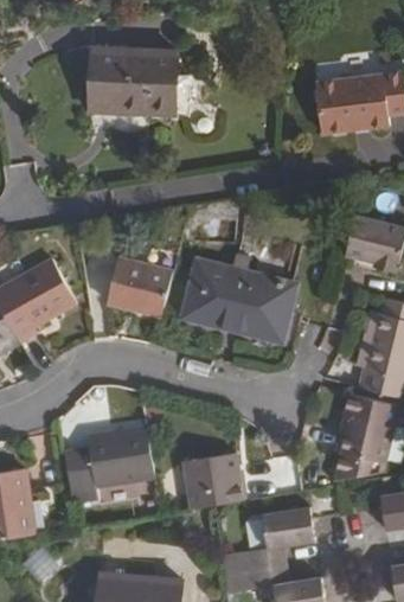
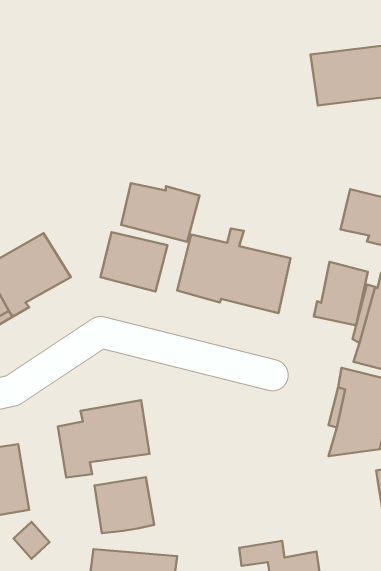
building: [88,49,177,114] -> none
building: none -> [121,183,200,242]
building: none -> [314,262,368,325]
building: [182,453,242,508] -> [95,477,154,533]
building: [239,506,314,572] -> none

